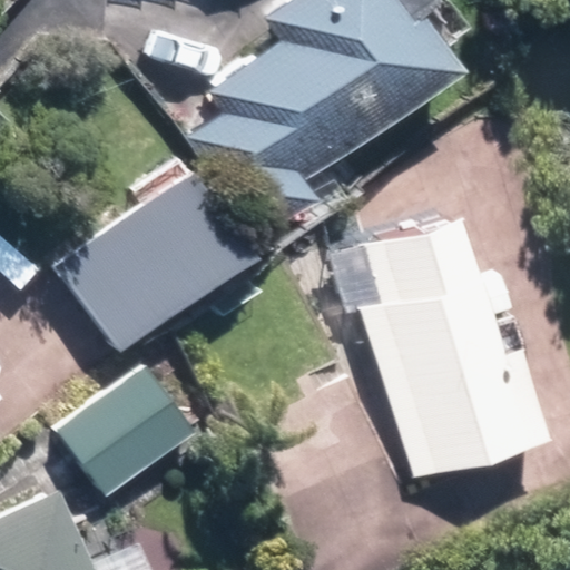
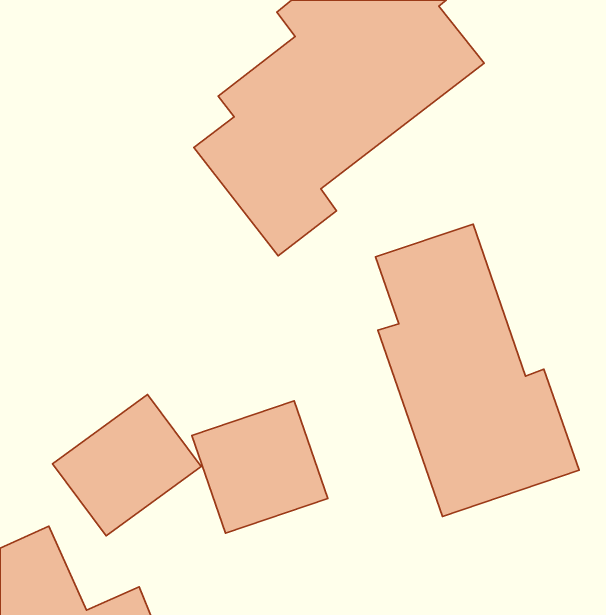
building: [56,168,254,353] -> none
building: none -> [192,401,328,533]

